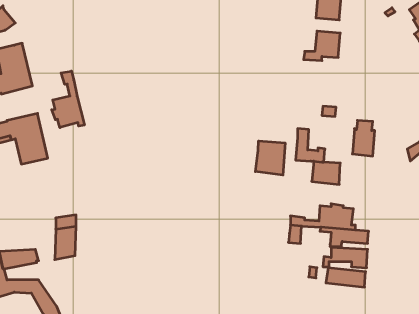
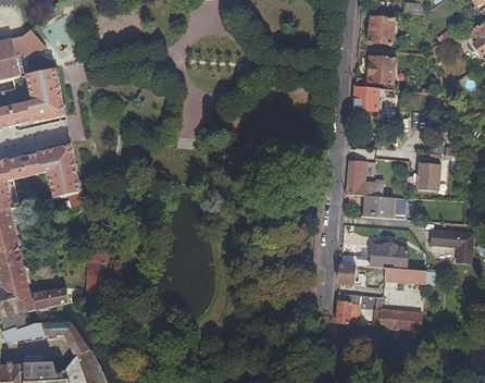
building: none -> [352,85,384,110]
building: [52,71,84,128] -> none
building: [255,141,285,175] -> none
building: none -> [428,228,472,263]
building: none -> [335,291,360,322]

